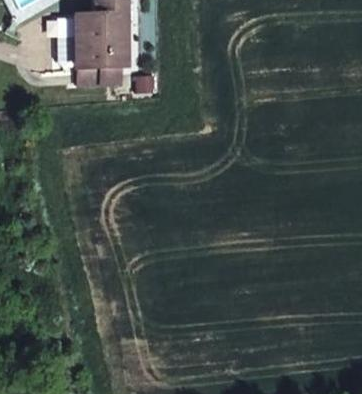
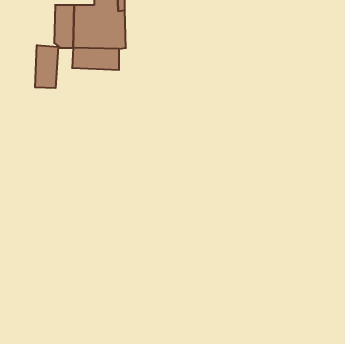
building: none -> [35,45,58,88]

